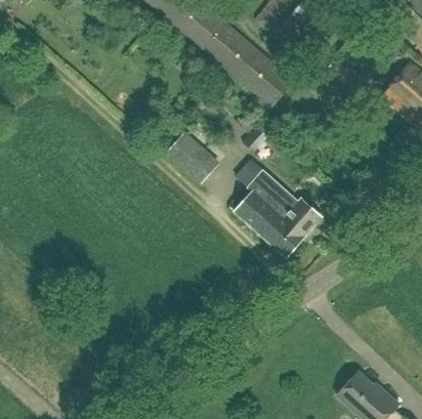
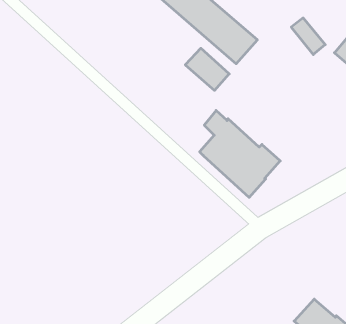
building: [177,134,226,181] -> [185,48,229,90]

